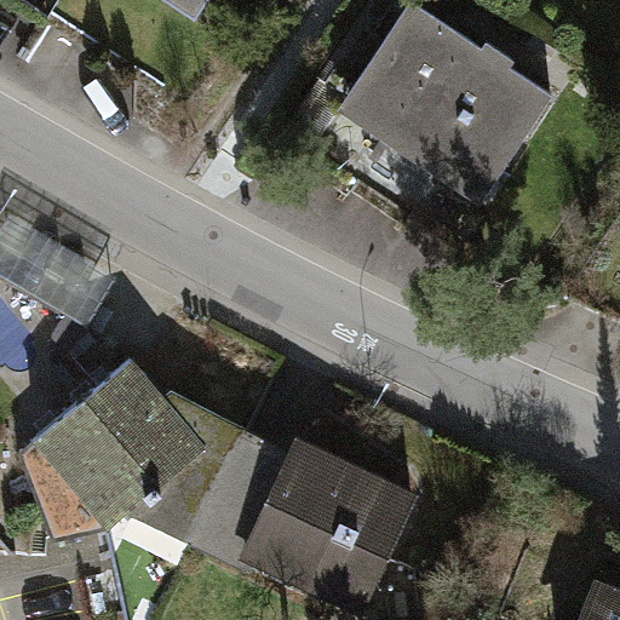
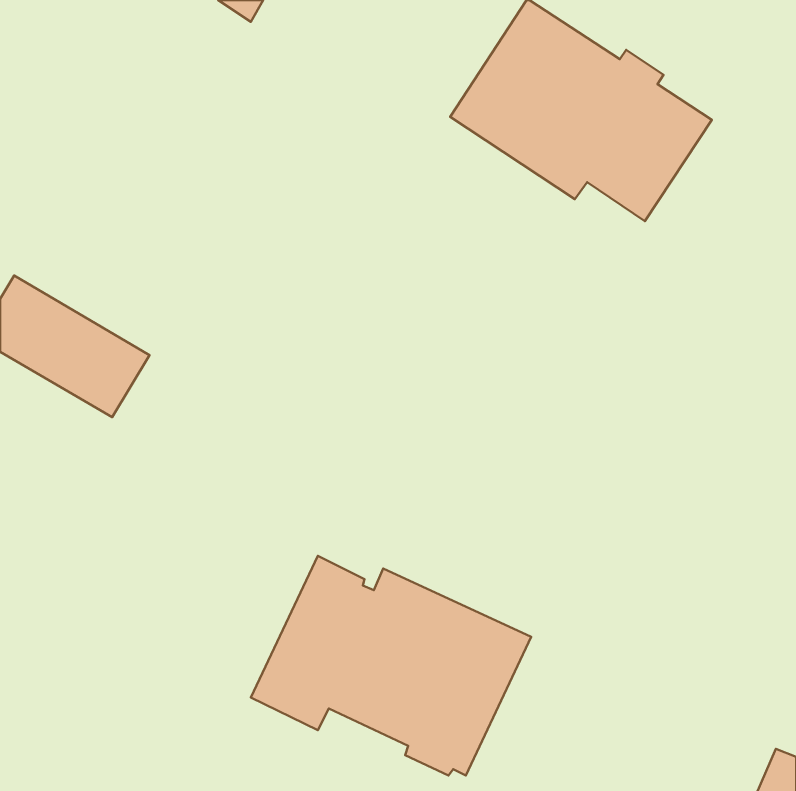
building: [18,361,247,546] -> none

